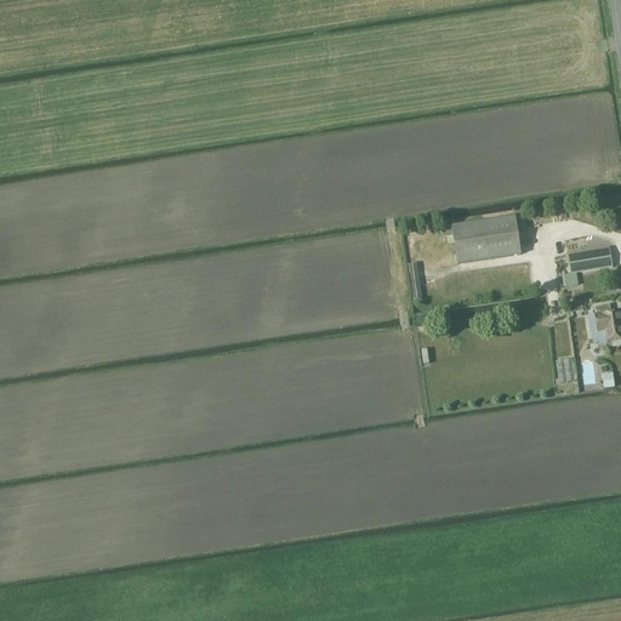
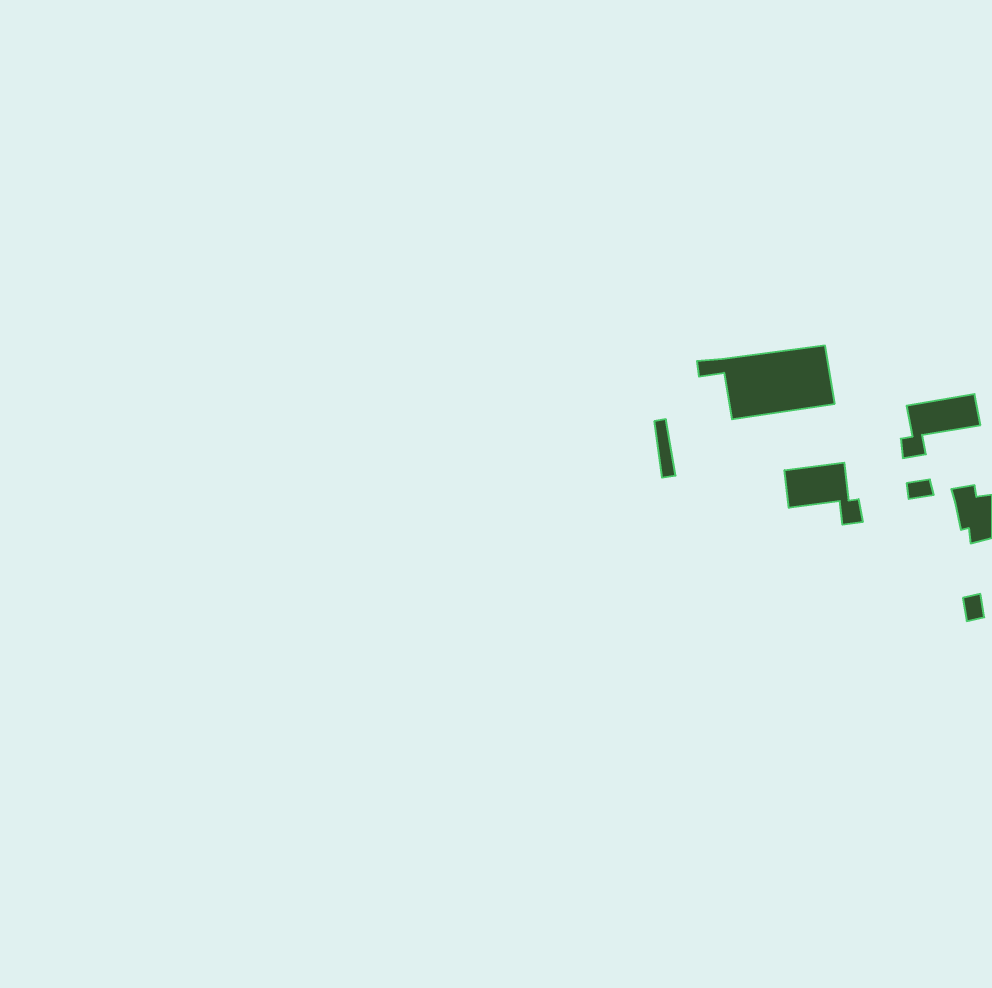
building: none -> [785,463,863,525]

